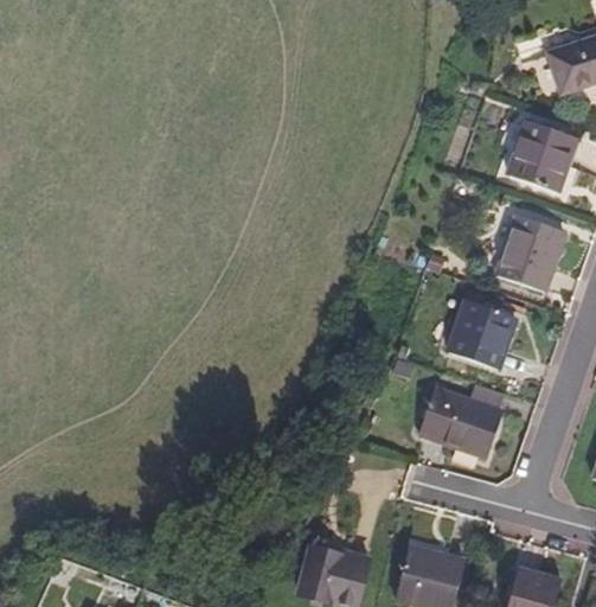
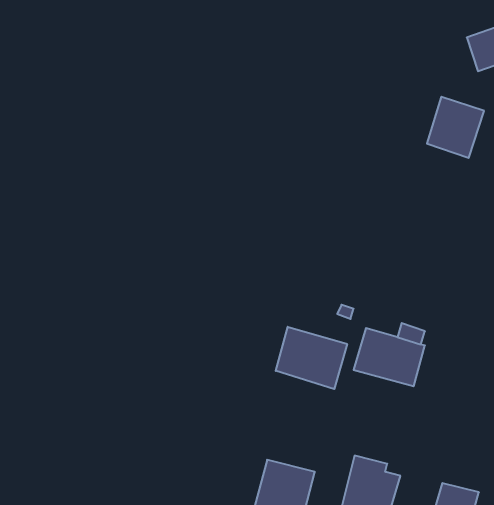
building: [489,215,559,292] -> none
building: [446,302,511,369] -> none
building: none -> [276,327,347,389]

